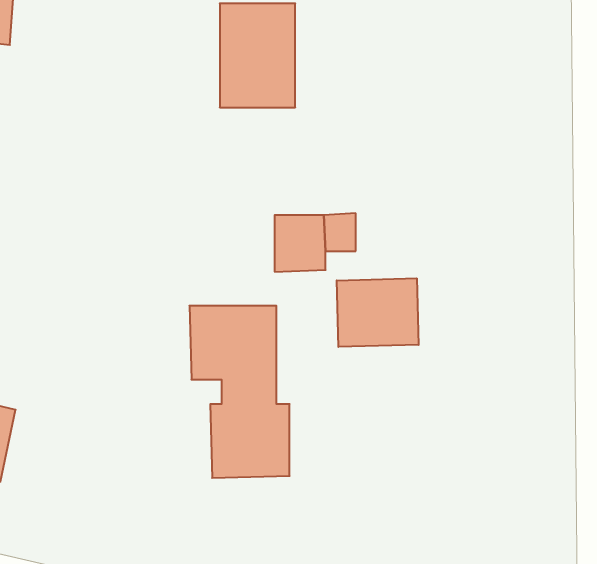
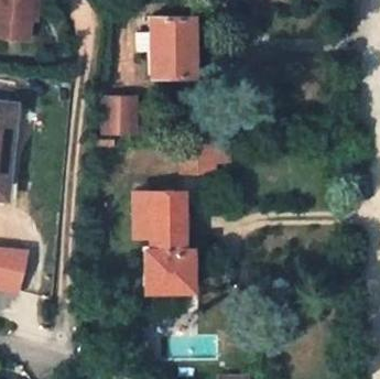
building: none -> [102,98,135,134]
building: [337,278,419,347] -> none

